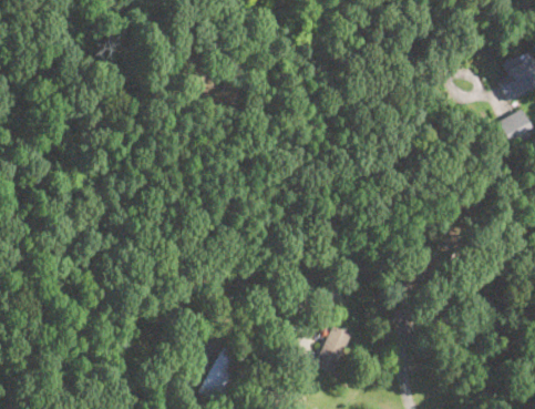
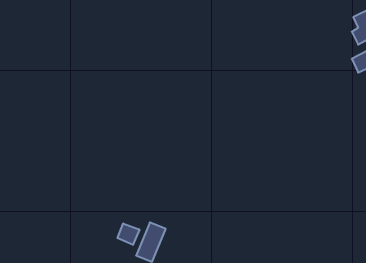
building: [316,324,352,371] -> none
building: none -> [117,223,139,245]

